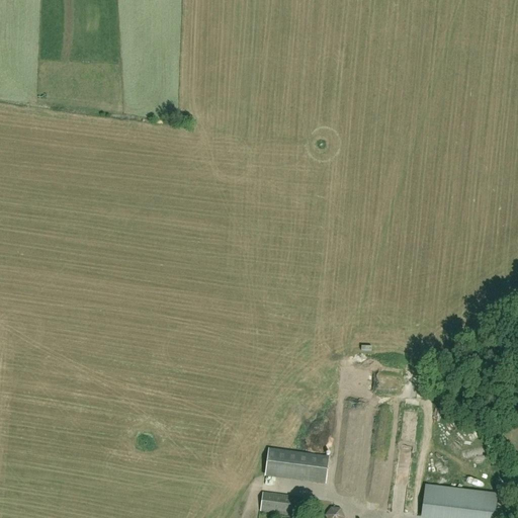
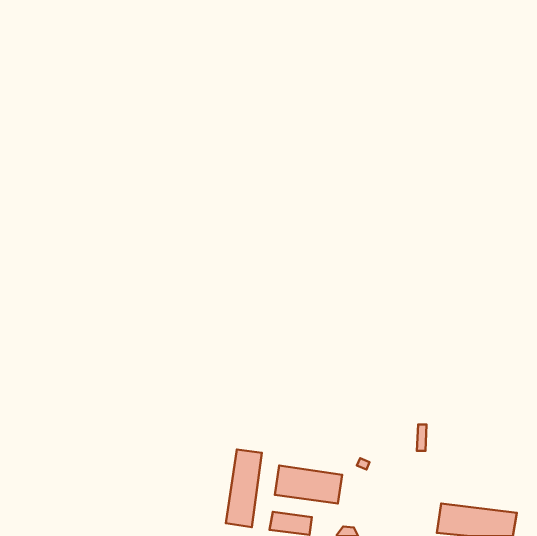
building: none -> [226,449,262,527]

